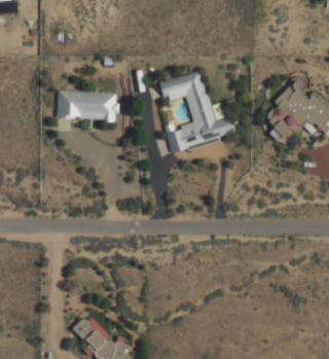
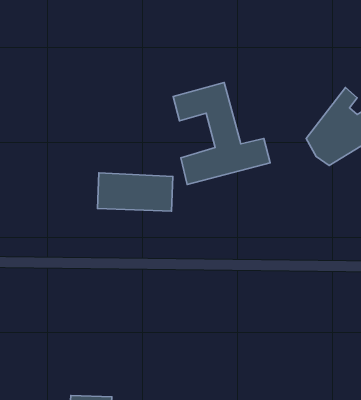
building: [58,89,118,120] -> [97,173,173,211]

